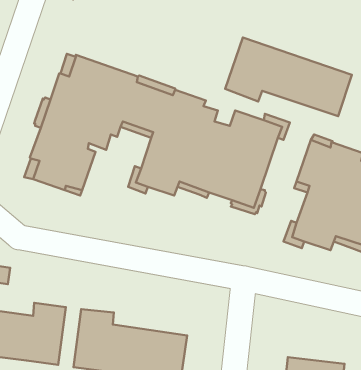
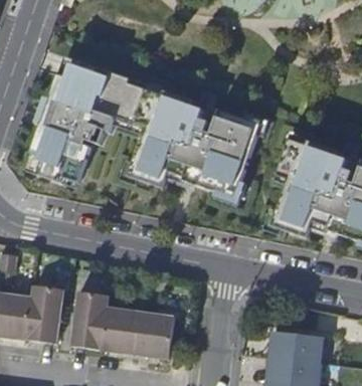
building: [225,37,352,116] -> none

